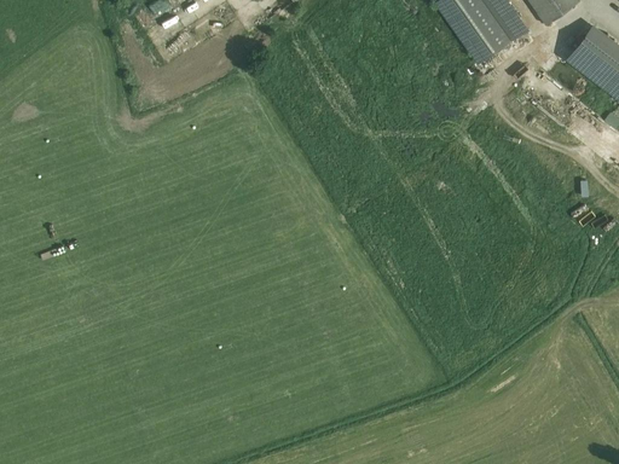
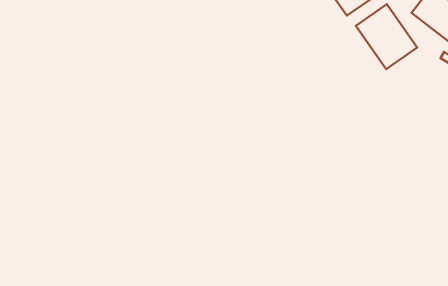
building: none -> [356,4,417,69]

